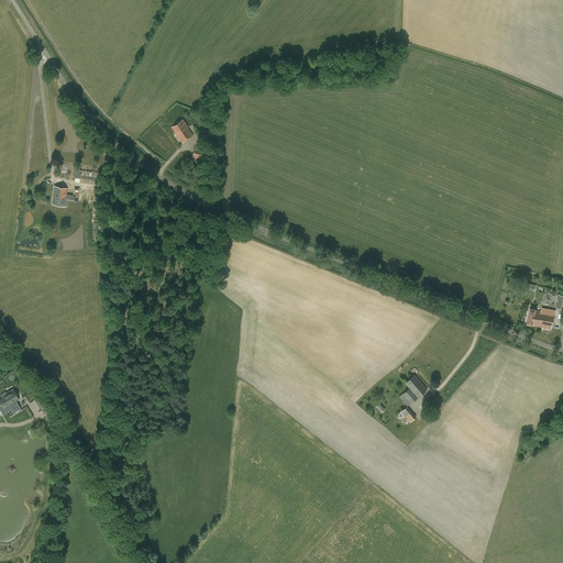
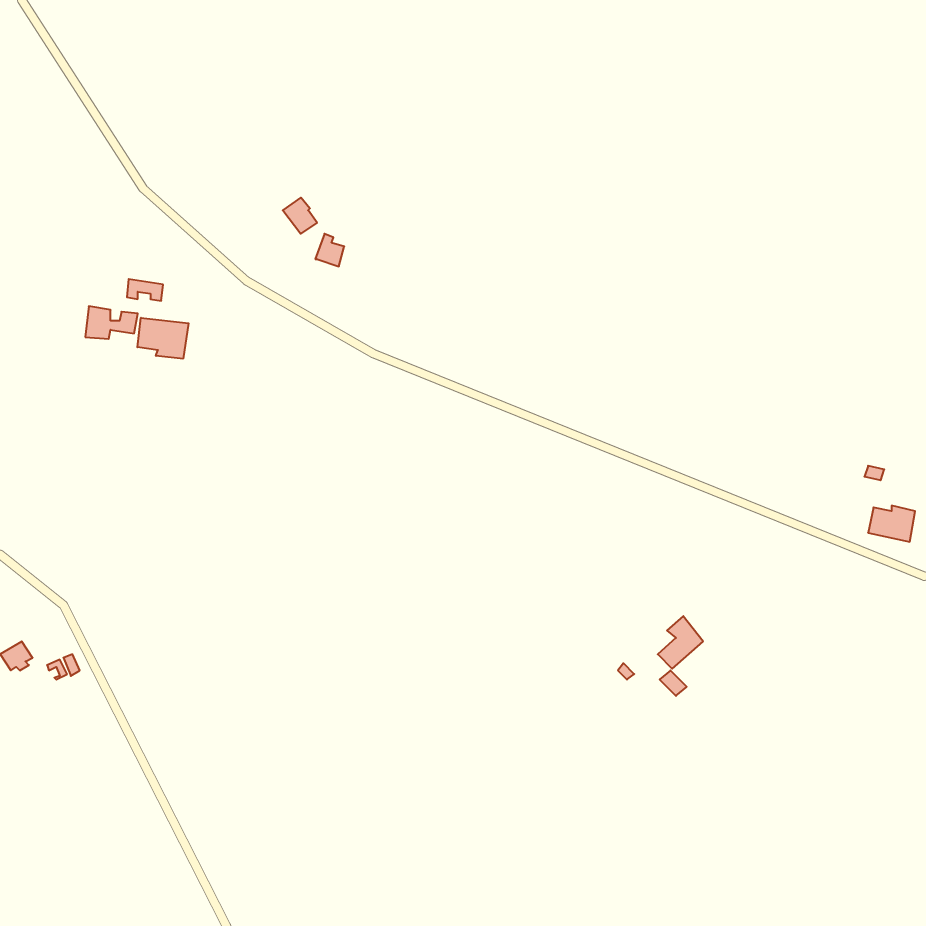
building: none -> [137,318,189,359]

